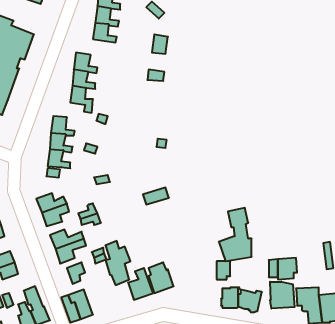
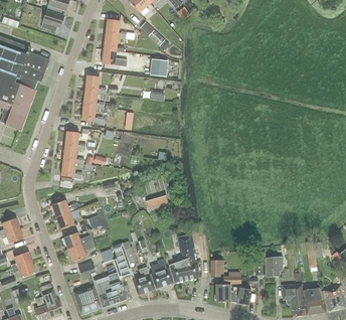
building: [219,208,252,261] -> [169,233,198,281]
building: none -> [95,272,127,307]
building: [270,282,295,309] -> none

